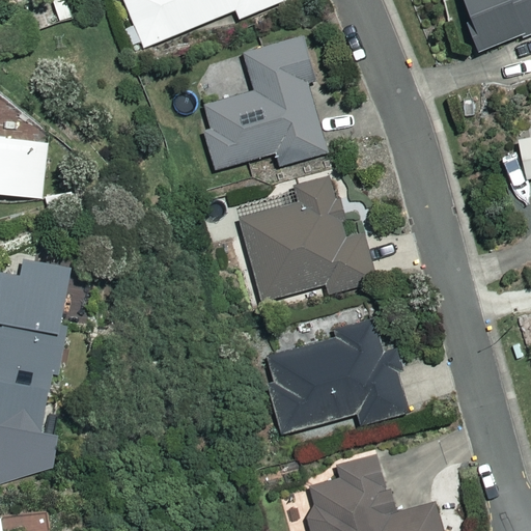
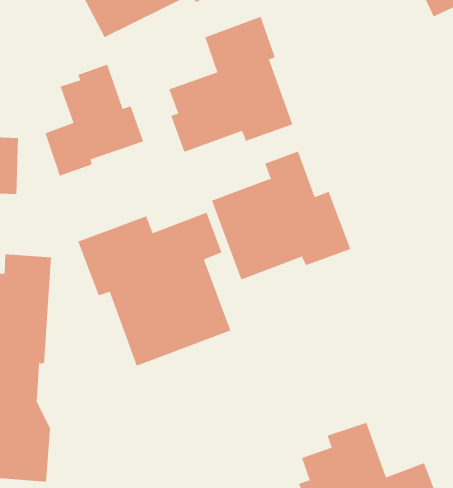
building: none -> [45,64,144,176]
building: none -> [78,212,231,366]
building: [267,319,408,434] -> none

